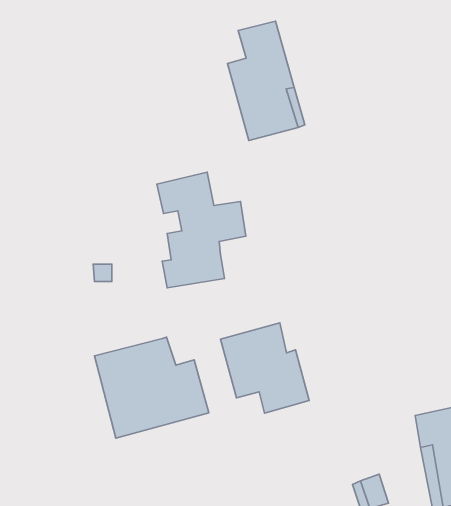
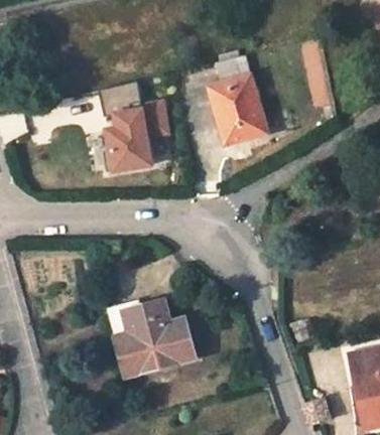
building: [157,172,246,288] -> [97,84,164,171]
building: [221,323,309,413] -> none

